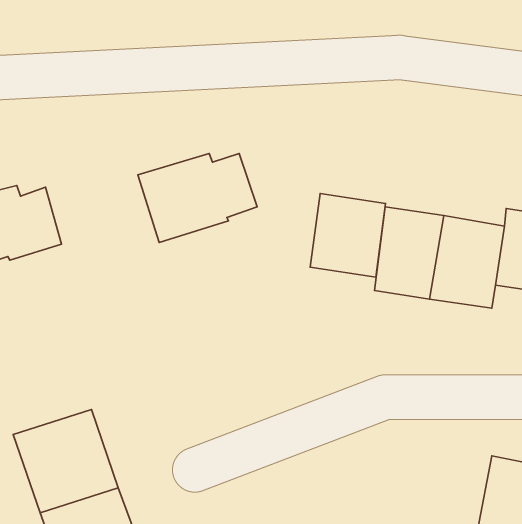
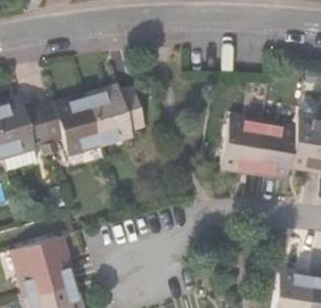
building: none -> [28,102,93,152]
building: [310,194,386,277] -> none

